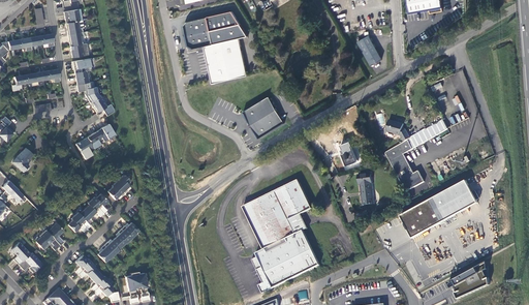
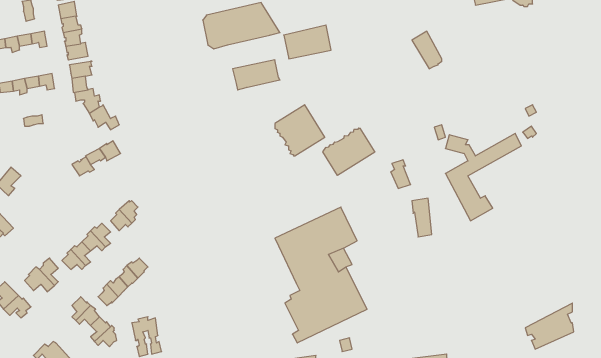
building: [204,36,243,64] -> [284,25,331,59]
building: none -> [323,128,375,175]
building: [400,178,479,237] -> none

